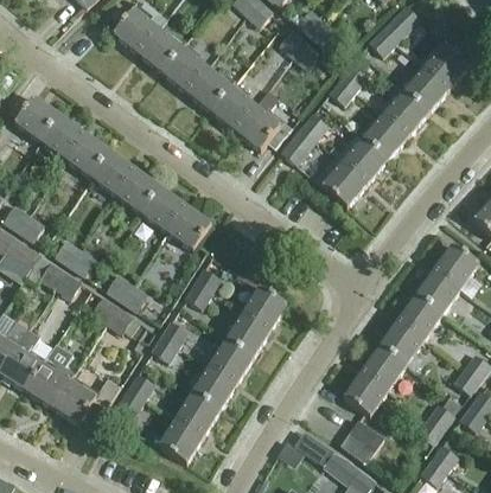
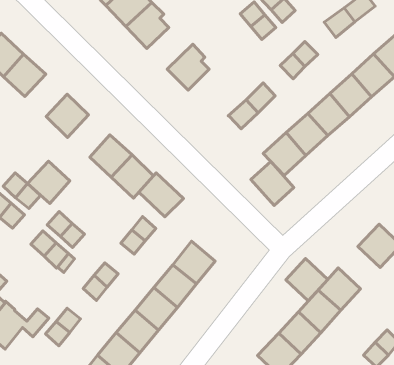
building: [186,68,234,111] -> none
building: [235,105,291,151] -> none
building: [65,133,109,177] -> none
building: [115,169,159,213] -> [28,161,70,203]
building: none -> [251,161,294,205]
building: none -> [139,173,183,217]
building: [415,270,459,314] -> [286,258,328,301]

